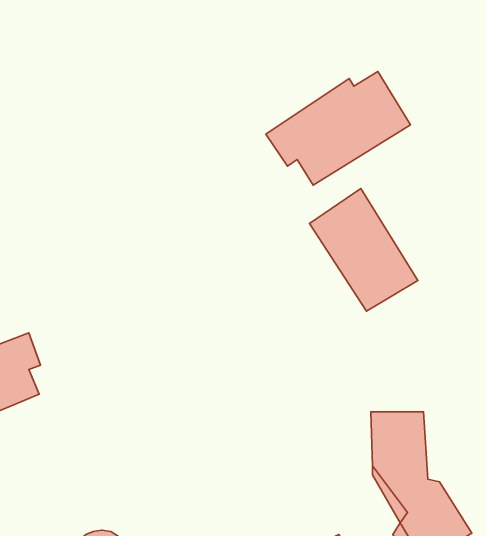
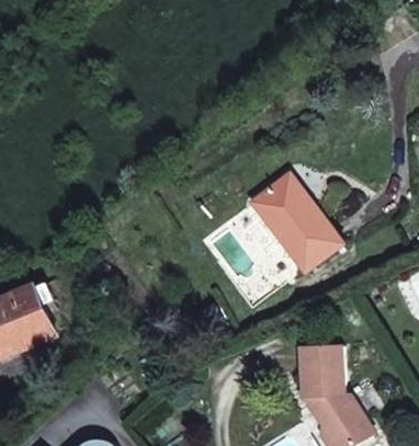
building: [266,71,410,185] -> none

